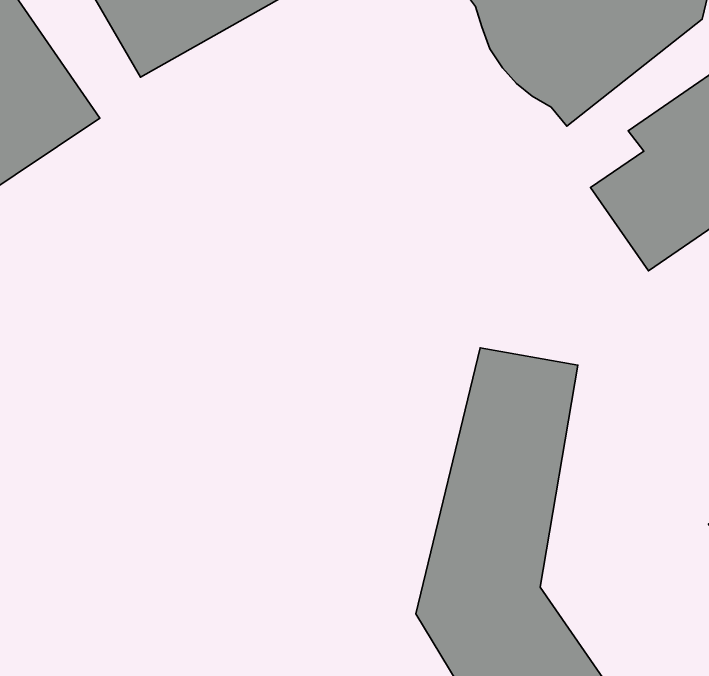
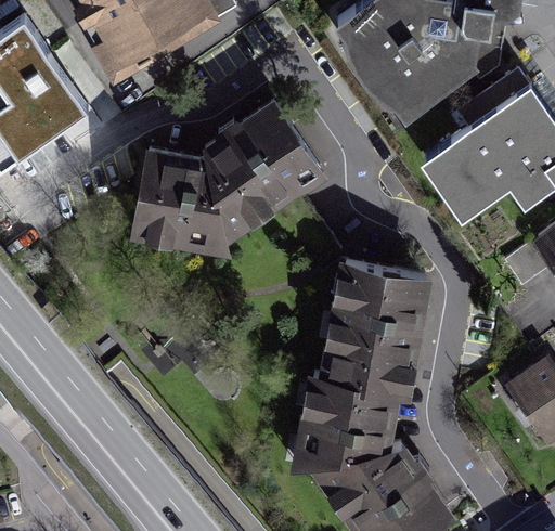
building: none -> [131,104,325,252]

